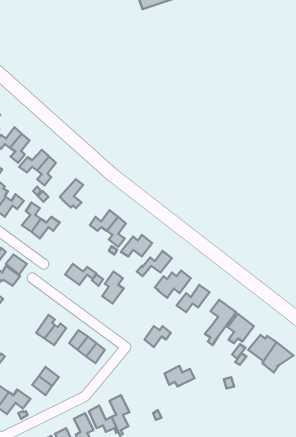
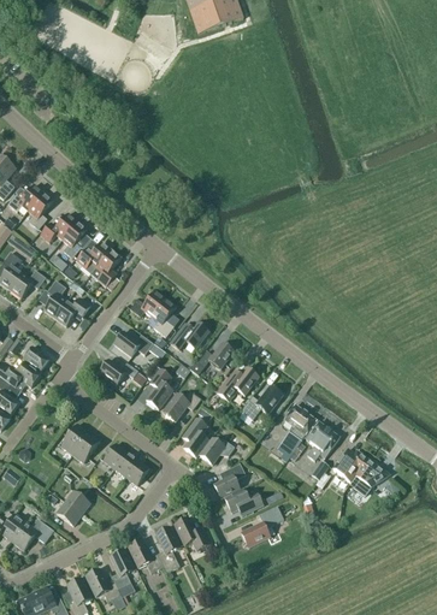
building: none -> [75,242,111,274]
building: none -> [113,331,152,356]
building: none -> [161,390,200,421]
building: none -> [181,418,207,457]
building: none -> [212,463,244,498]
building: none -> [240,505,283,548]
building: none -> [173,518,208,551]

